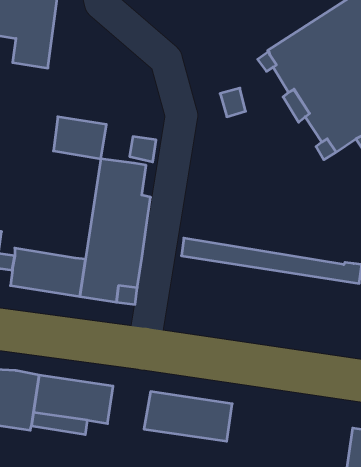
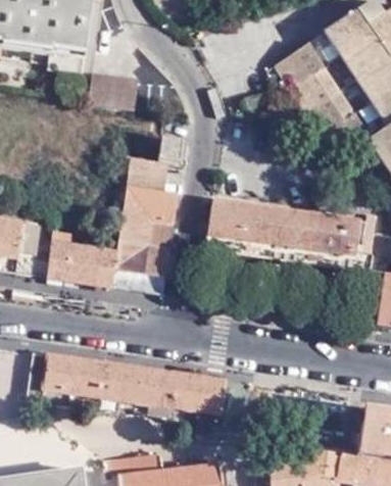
building: [53,117,106,159] -> [89,70,138,109]
building: none -> [207,196,361,254]
building: none -> [137,367,177,416]

